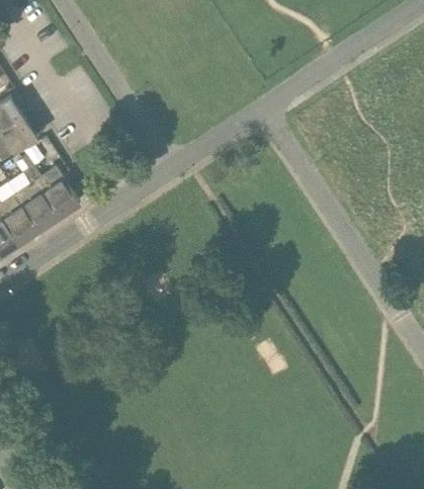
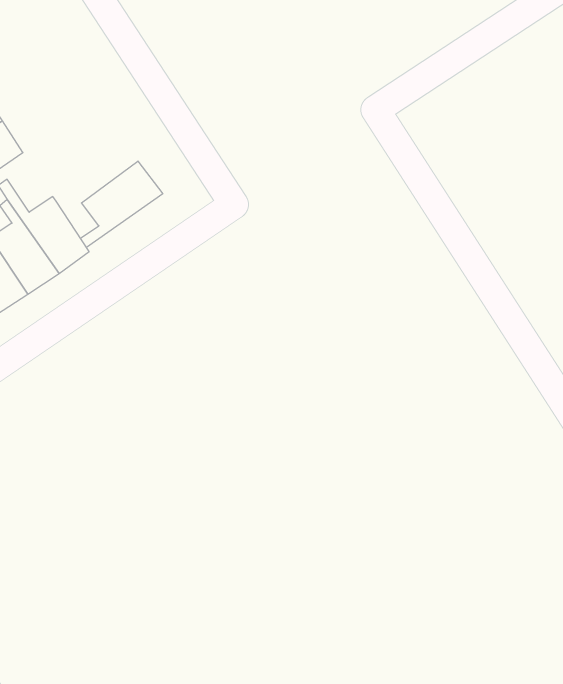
building: none -> [81,161,163,248]

